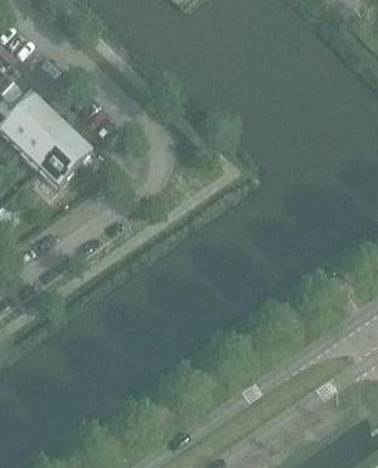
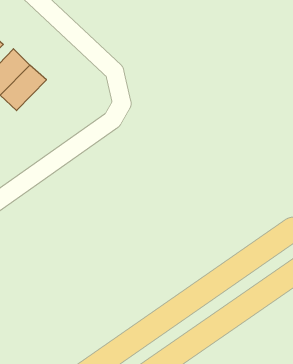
building: [36,129,91,184] -> none

